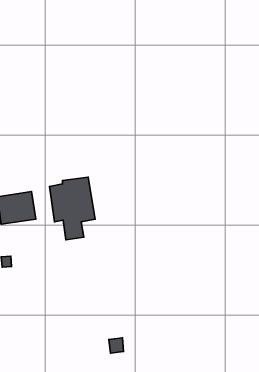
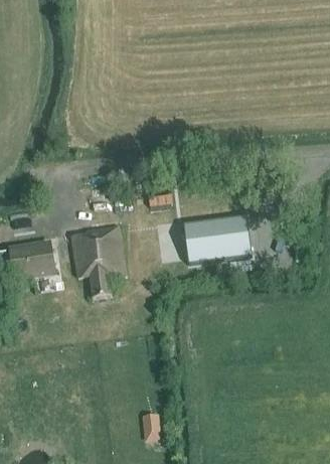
building: none -> [180,213,249,263]

